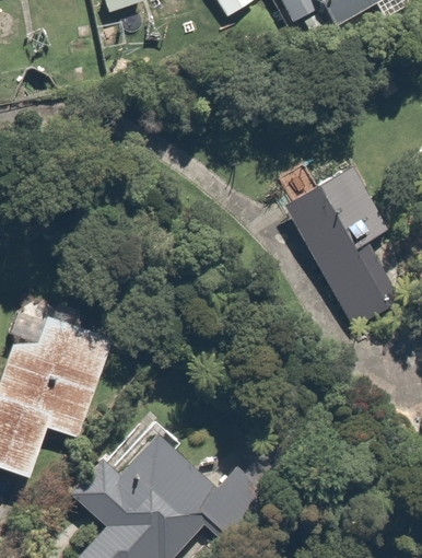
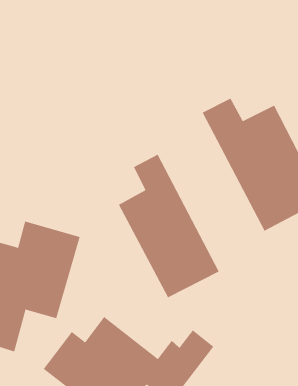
building: none -> [118,154,220,298]

